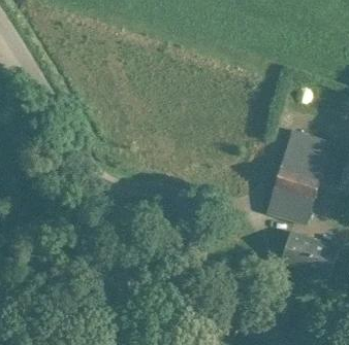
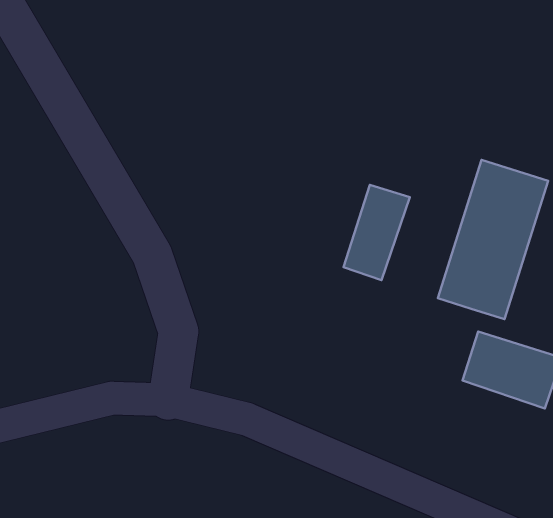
building: none -> [344,185,410,280]

